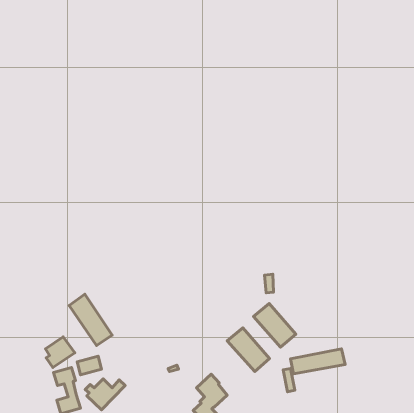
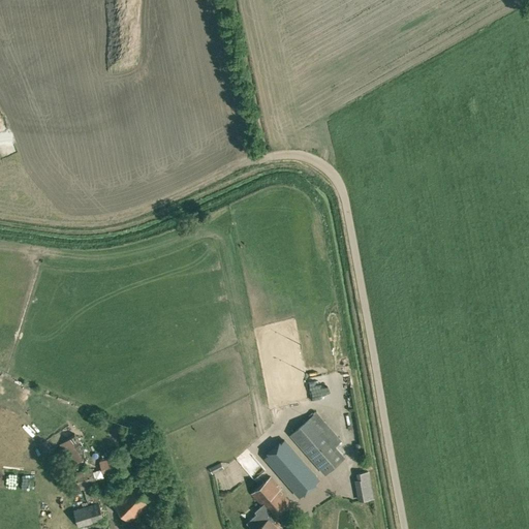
building: [69,294,112,346] -> none
building: [254,303,296,347] -> [263,442,317,498]
building: [291,349,345,374] -> none

